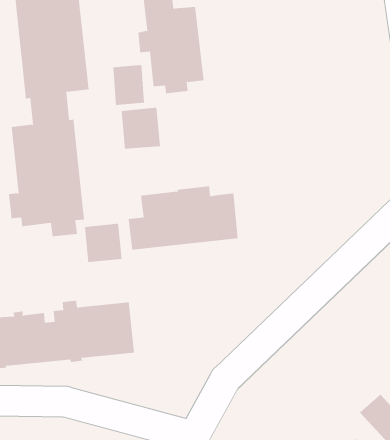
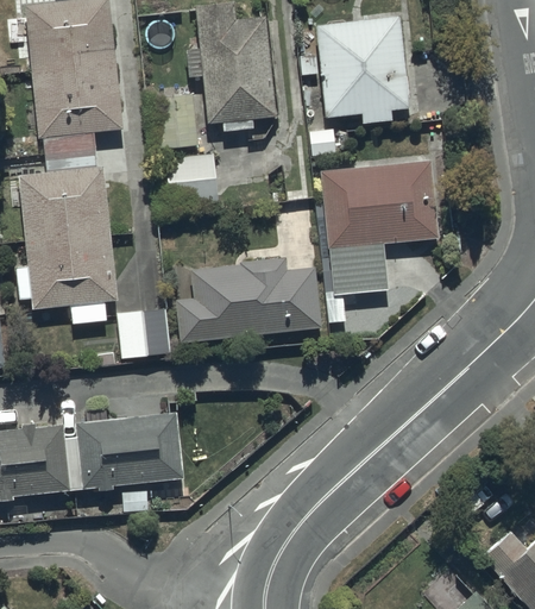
building: none -> [301,14,413,124]
building: none -> [315,161,439,308]

